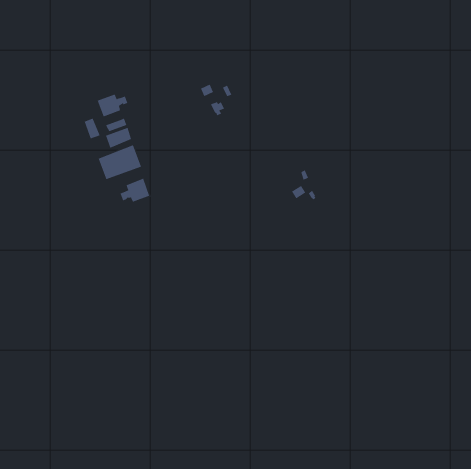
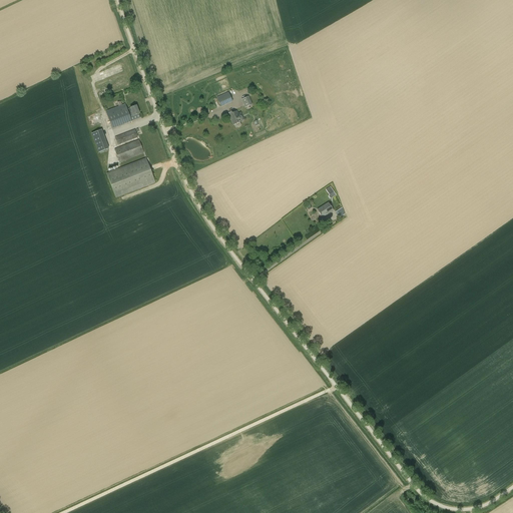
building: [120,178,150,203] -> none

